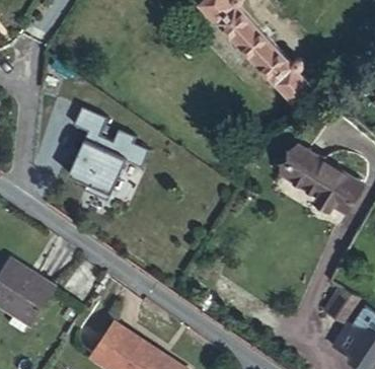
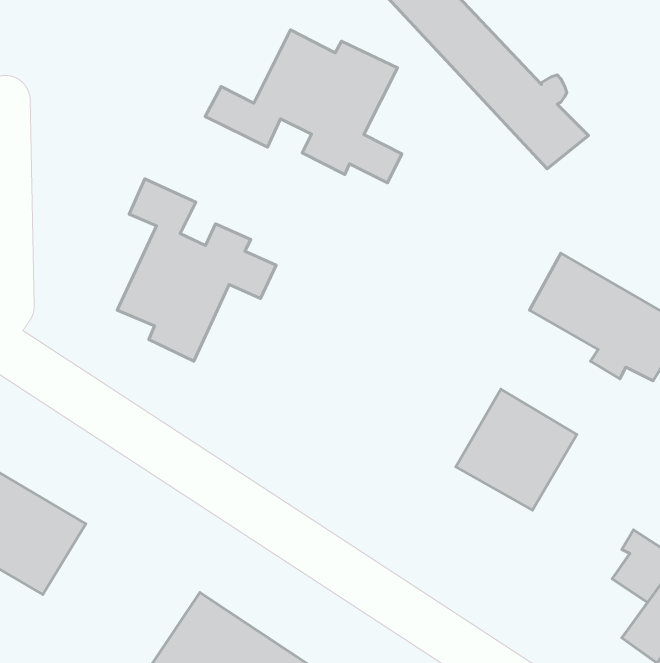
building: none -> [205,30,402,183]
building: none -> [456,389,577,510]

